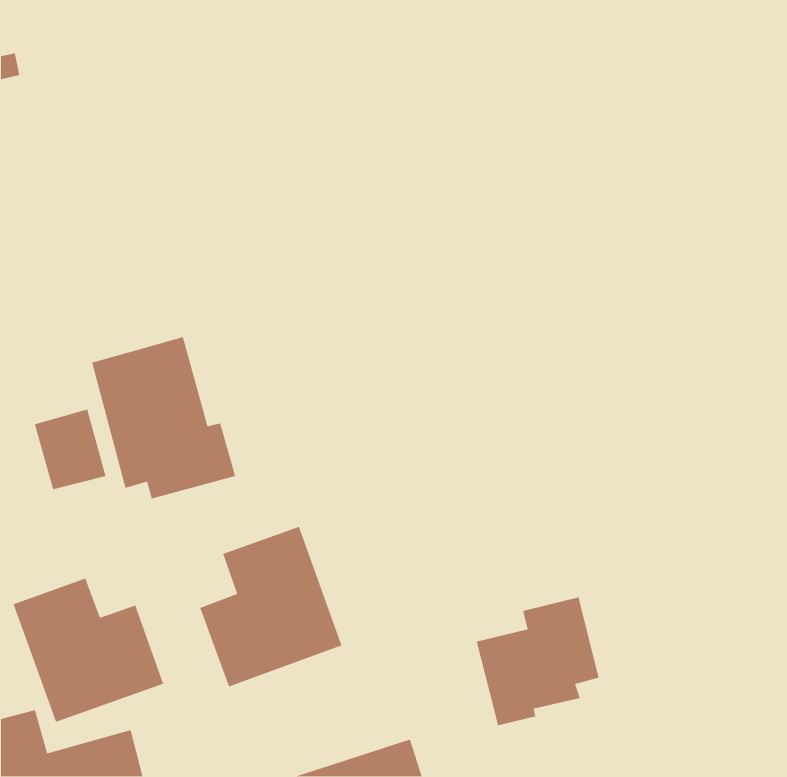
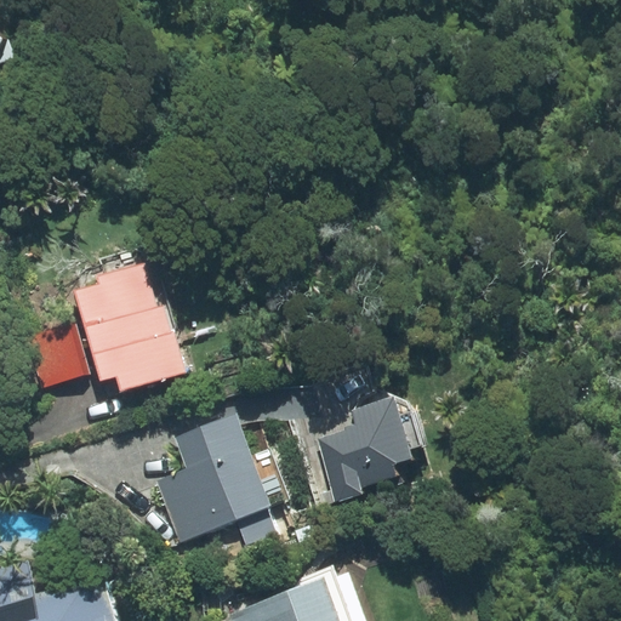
building: [13,578,164,723] -> none
building: [476,597,599,726] -> [317,400,414,502]

